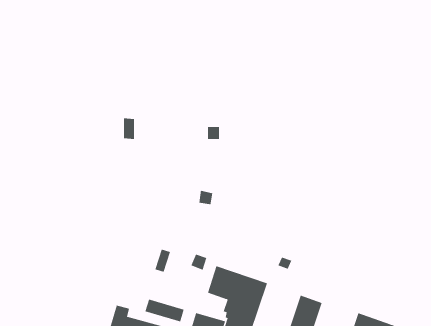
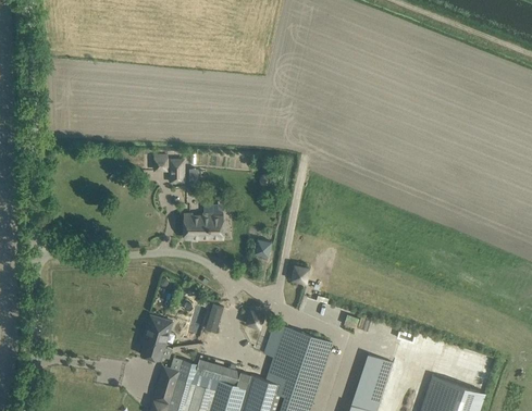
building: none -> [184,214,223,240]
building: none -> [140,314,173,361]

